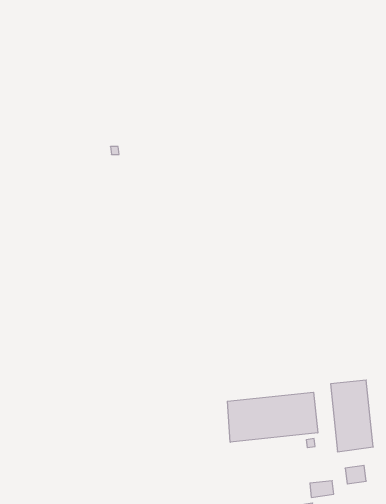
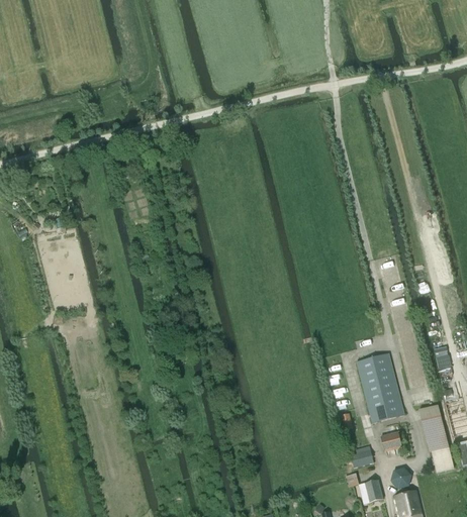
building: [227,392,318,442] -> none

